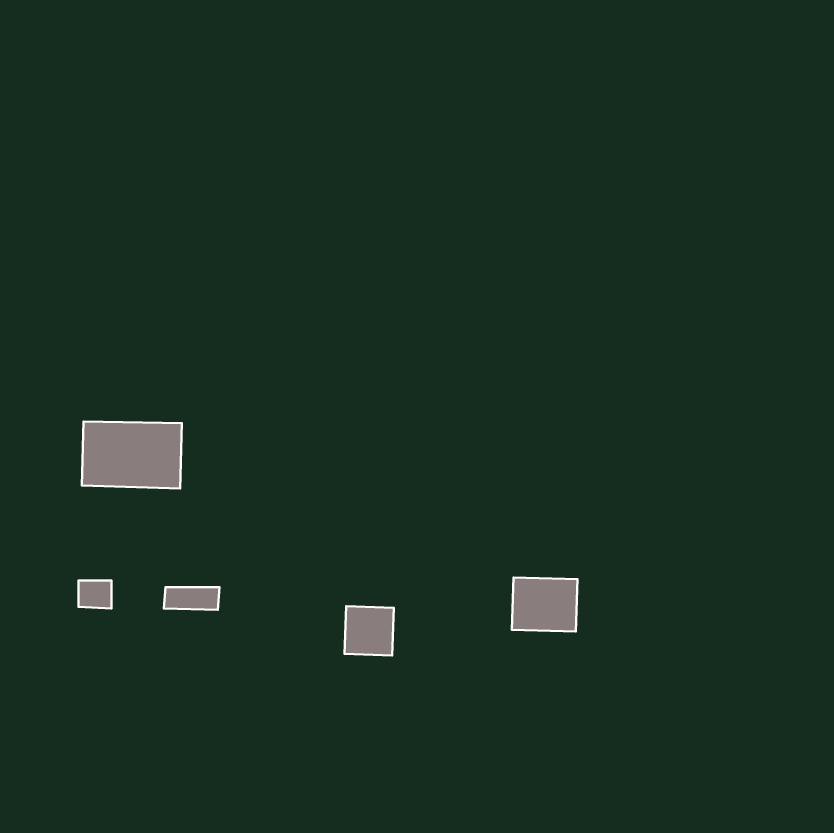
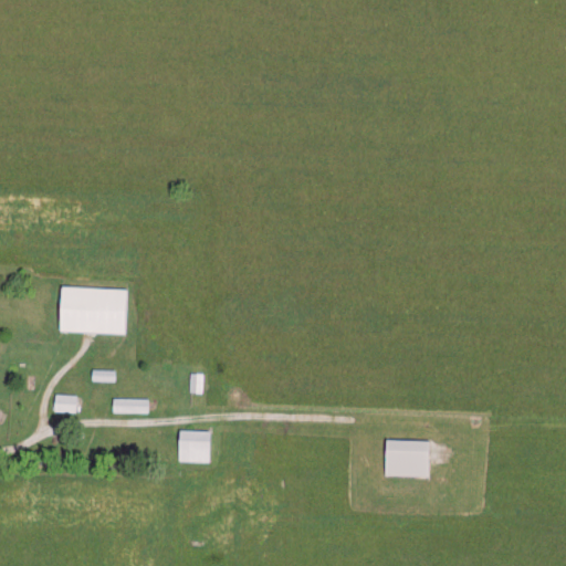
building: [512,578,577,632] -> [385,440,429,476]
building: [345,606,394,655] -> [178,430,211,463]

